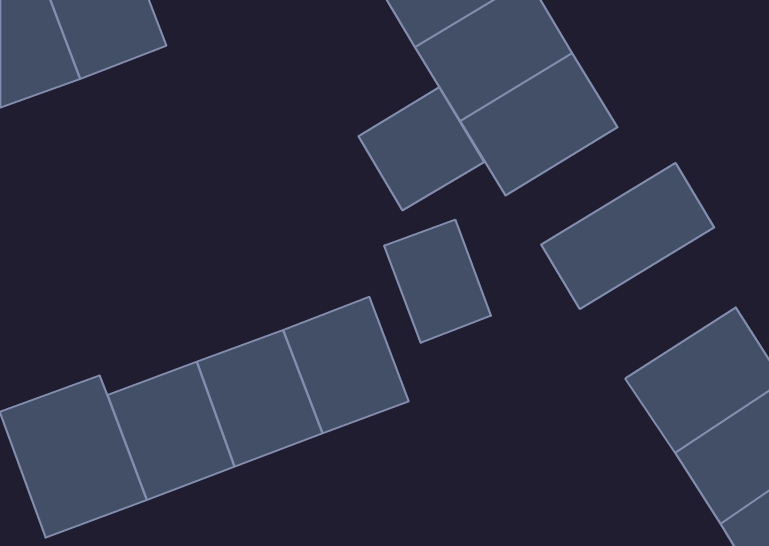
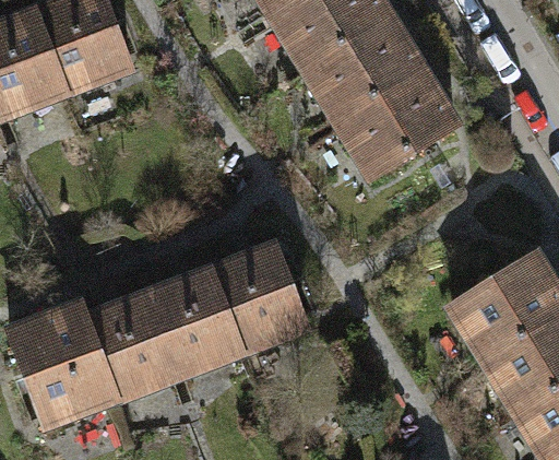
building: [359,87,484,210] -> none
building: [541,163,714,309] -> none
building: [384,220,491,343] -> none

